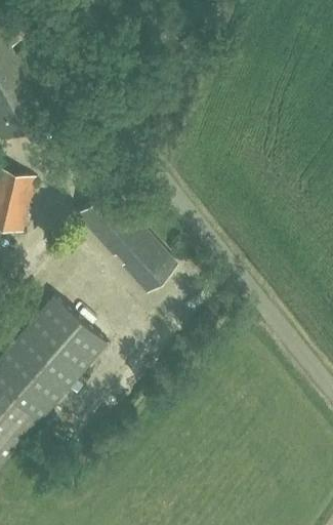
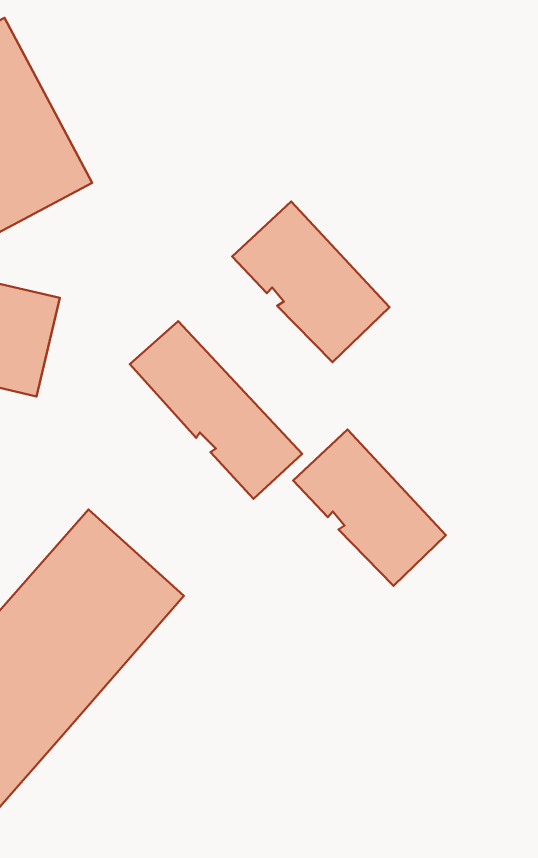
building: none -> [232,201,389,362]
building: none -> [293,429,446,586]

